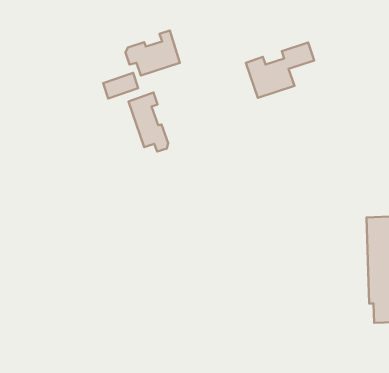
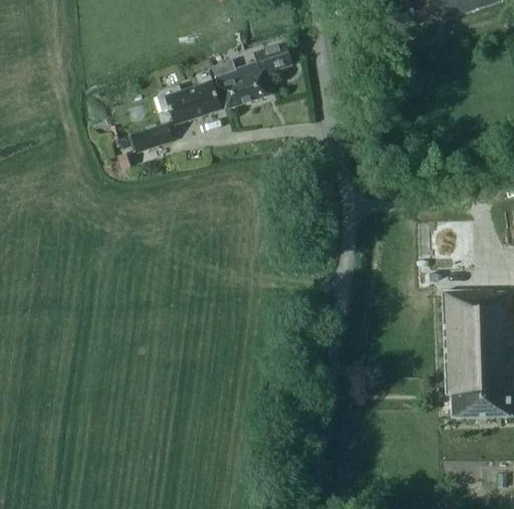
building: [246,43,314,98] -> [214,41,294,106]
building: [129,92,168,151] -> none

